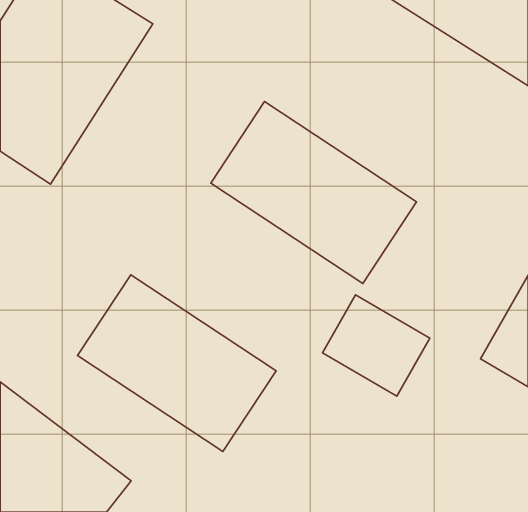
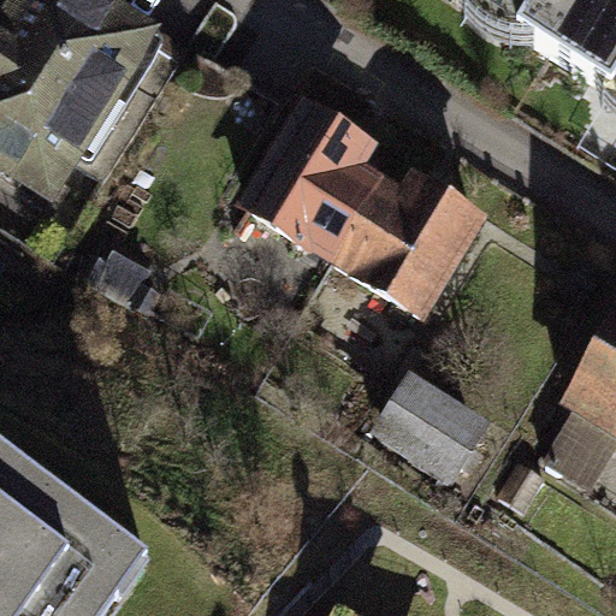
building: [78,275,276,451] -> none

